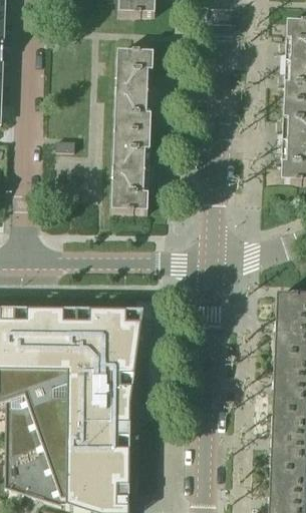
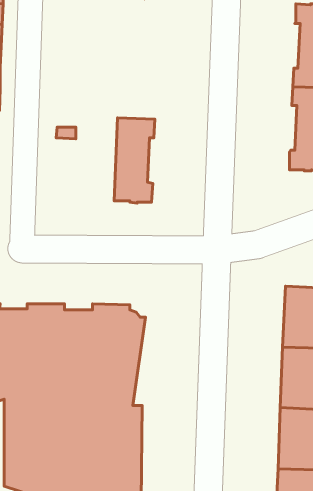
building: [114,50,154,131] -> none

